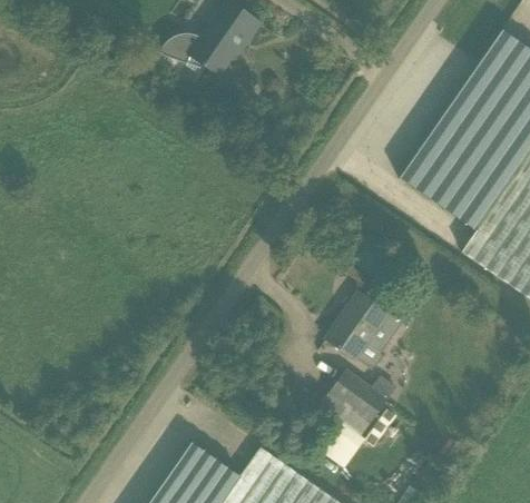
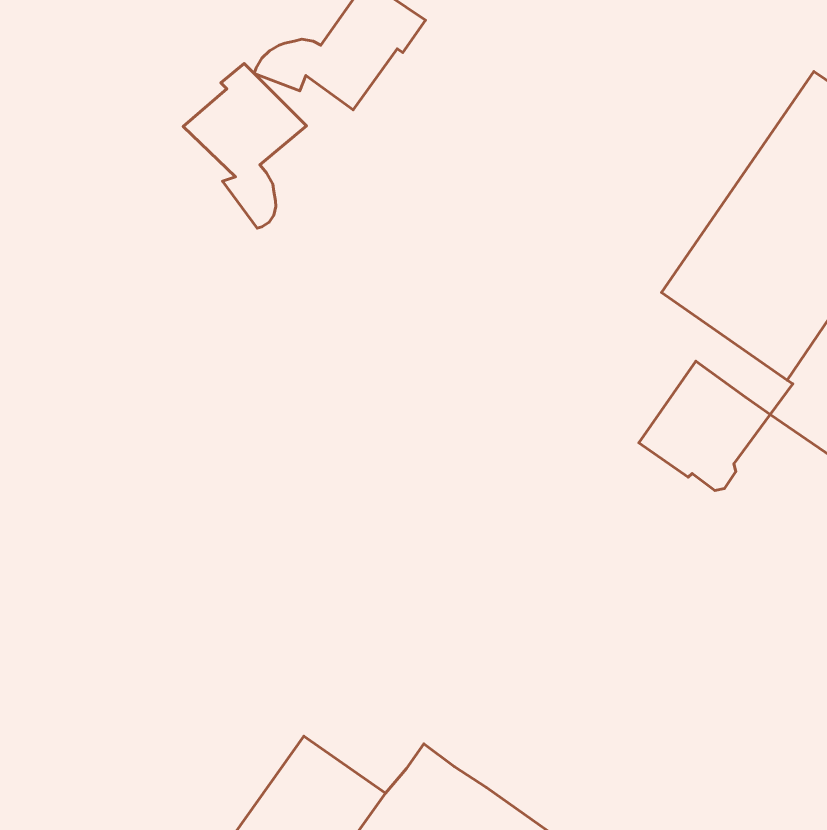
building: none -> [183,63,306,228]
building: [326,293,403,368] -> [639,361,770,491]
building: [321,372,387,436] -> none

